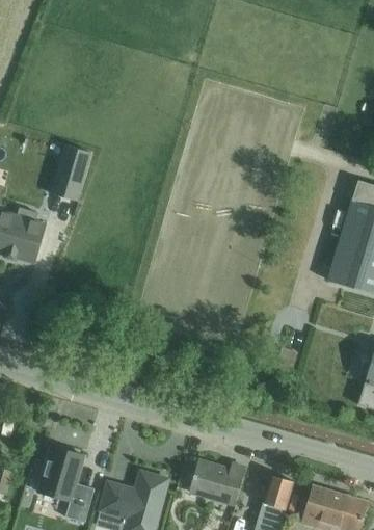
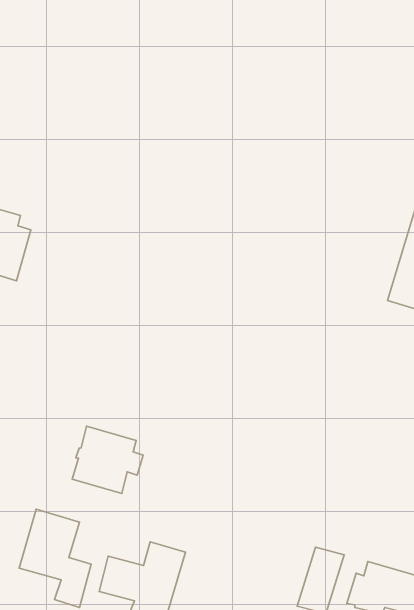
building: [50,143,90,200] -> none
building: none -> [72,426,143,494]
building: [189,458,245,504] -> none

